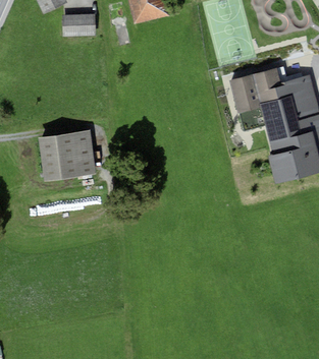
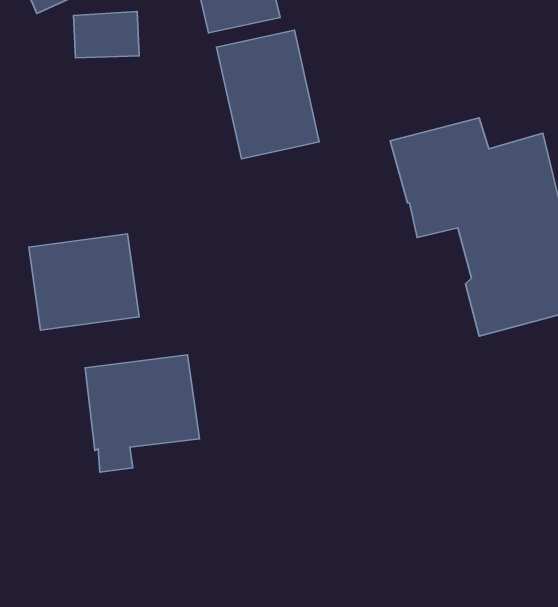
building: none -> [217,30,319,159]
building: none -> [85,355,200,472]

